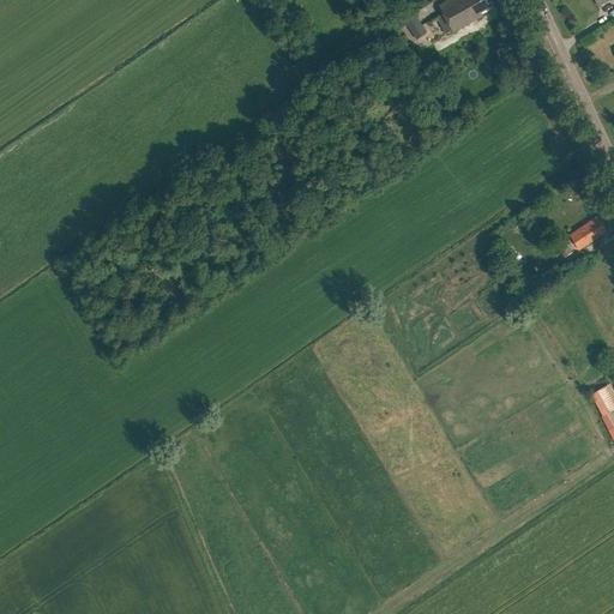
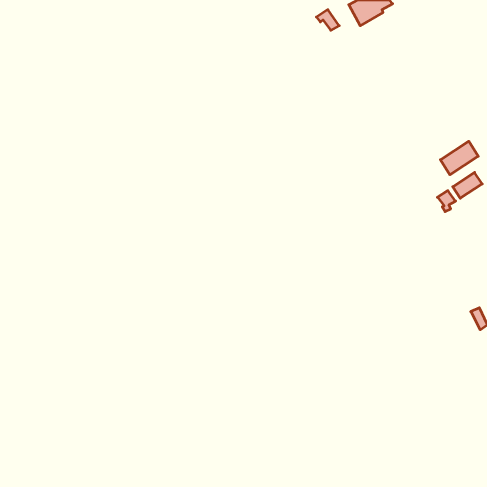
building: none -> [440,141,478,175]

